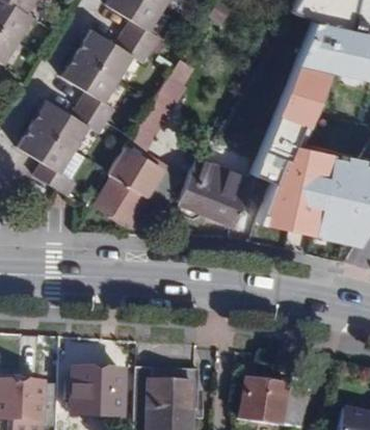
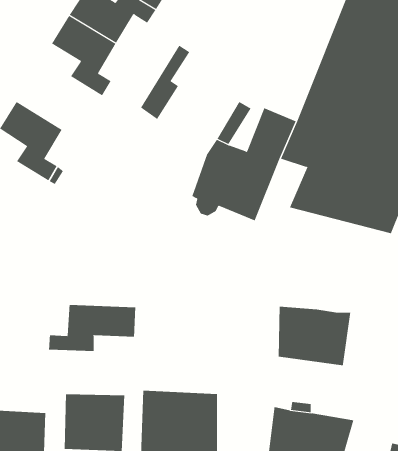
building: [33,101,105,149] -> none
building: [96,147,162,224] -> none
building: none -> [49,304,136,352]
building: none -> [278,306,351,366]

